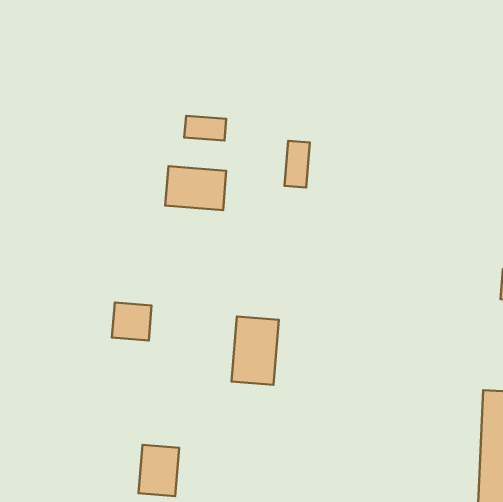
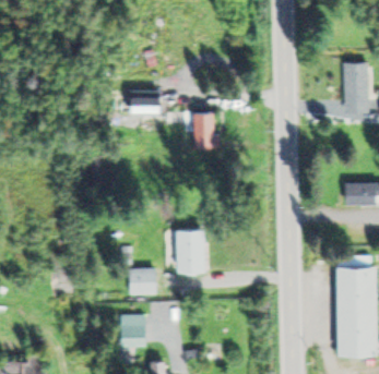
building: [165,166,226,210] -> none
building: [112,303,152,341] -> [129,273,153,295]

